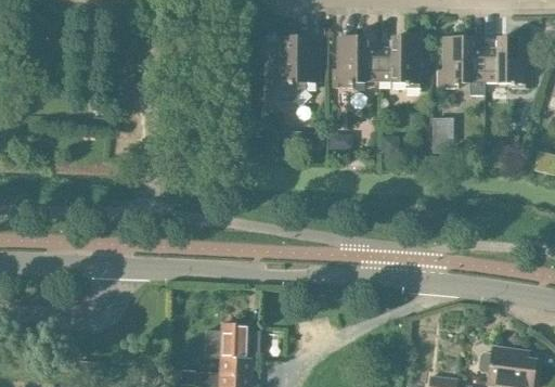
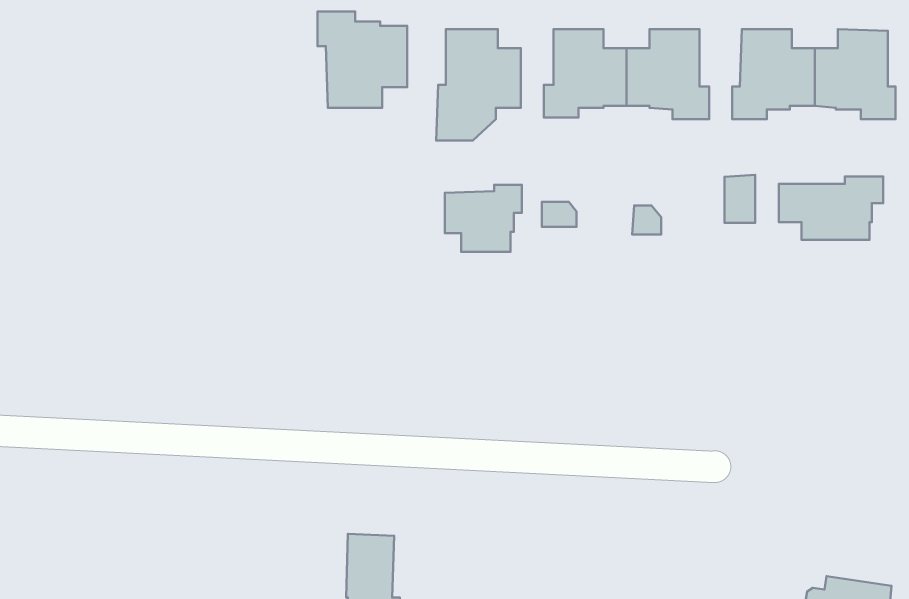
building: none -> [318,11,407,108]
building: none -> [779,177,883,240]
building: none -> [445,185,522,252]

